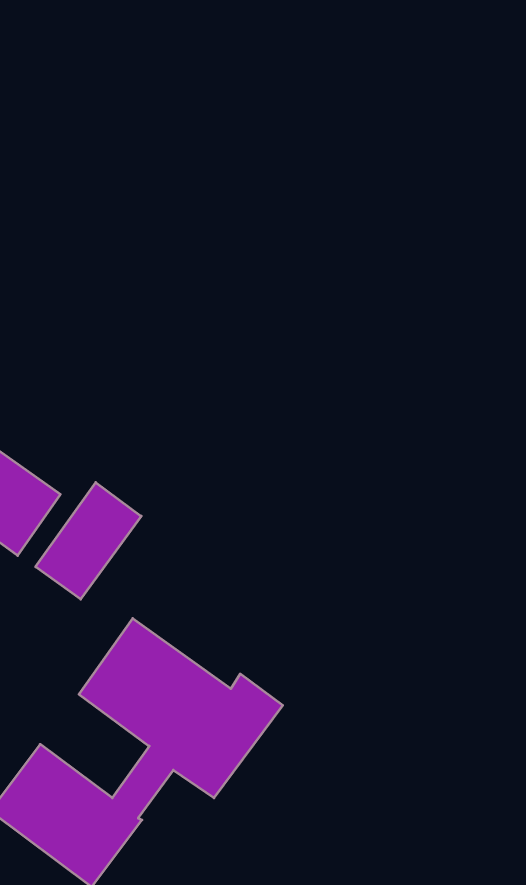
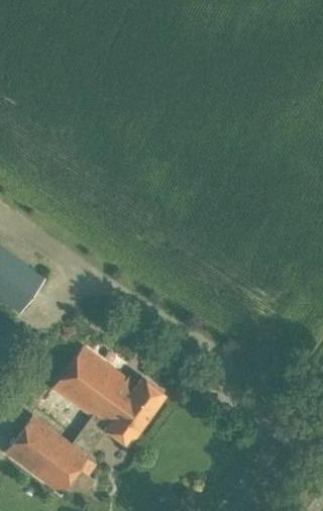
building: [36,482,141,599] -> none

